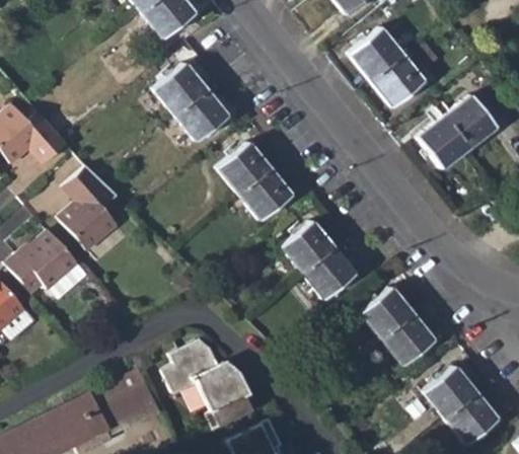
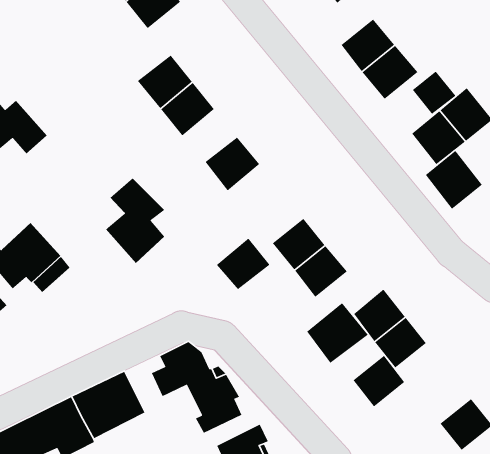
building: none -> [412,71,457,115]
building: none -> [425,150,483,210]
building: [62,164,120,247] -> [105,177,165,264]
building: [240,169,293,220] -> [216,237,271,290]
building: none -> [306,302,369,364]
building: [424,368,474,419] -> [353,355,405,408]

